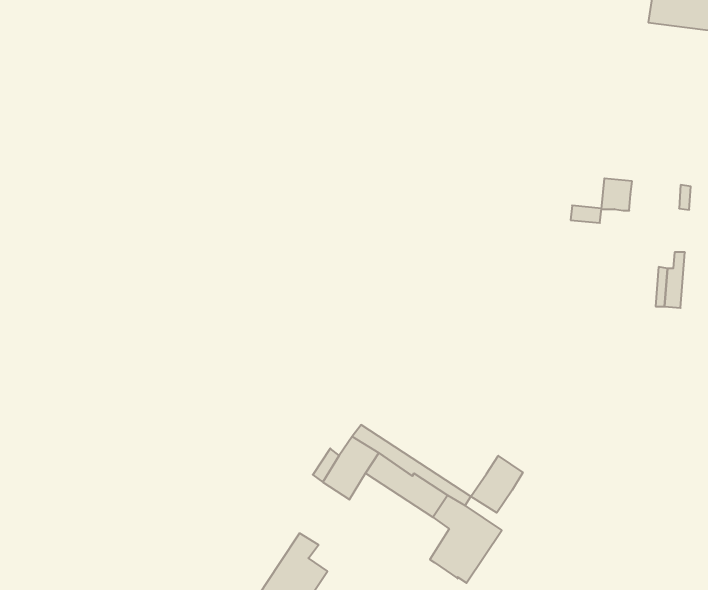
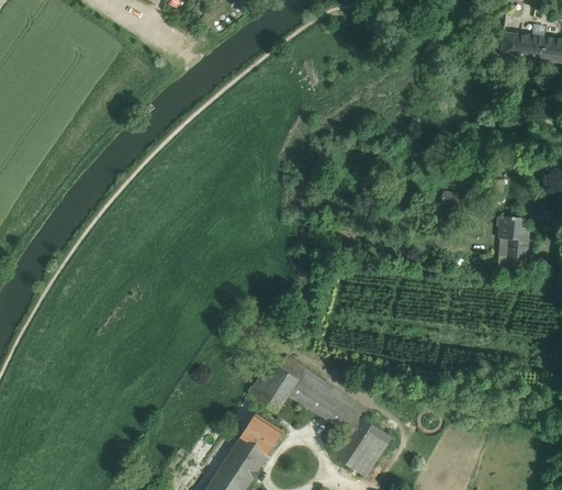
building: [601,178,632,211] -> [498,215,521,240]
building: [471,456,523,513] -> none
building: none -> [239,413,283,467]

